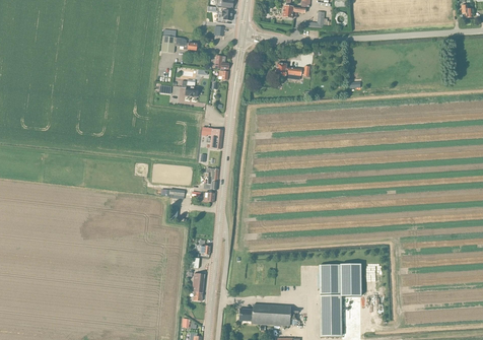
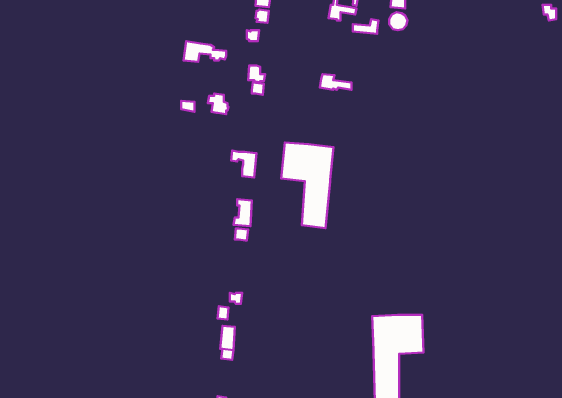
building: none -> [281,143,334,228]
building: [238,304,291,325] -> none

